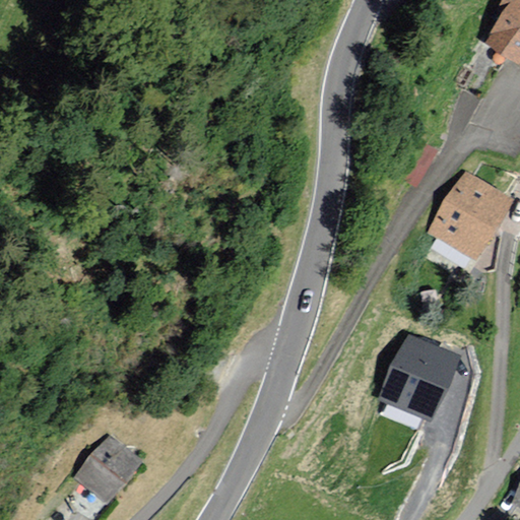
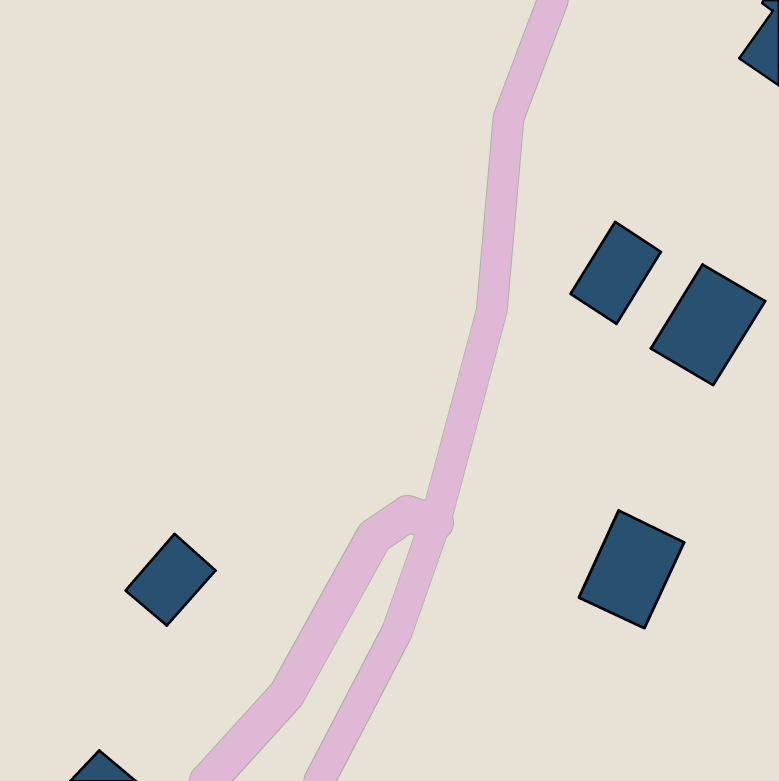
building: none -> [571,222,661,324]
building: [77,439,137,500] -> [126,534,216,626]

